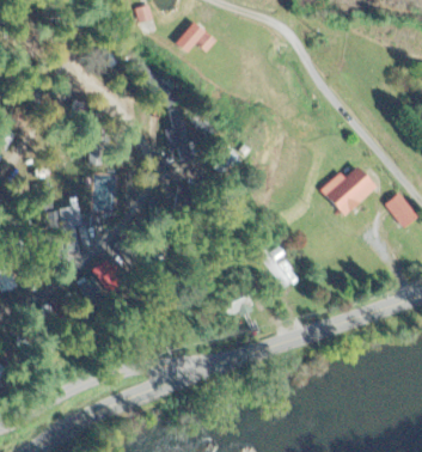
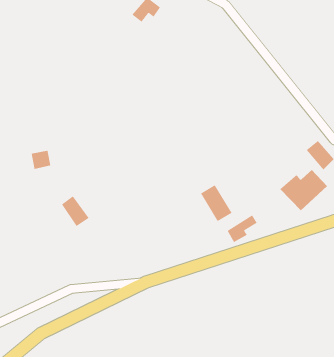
building: [320,165,378,215] -> [280,169,328,211]
building: none -> [227,215,258,243]

